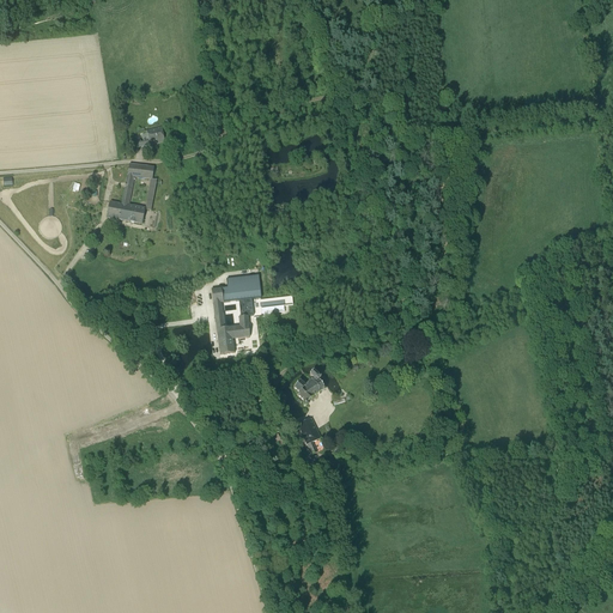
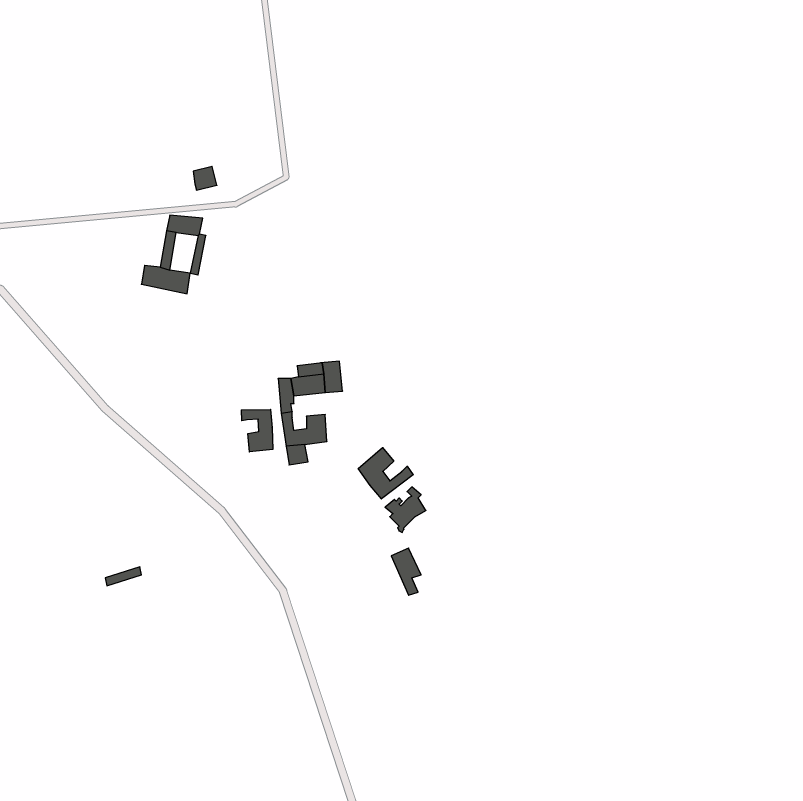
building: none -> [241,409,273,452]
building: none -> [358,448,413,499]

